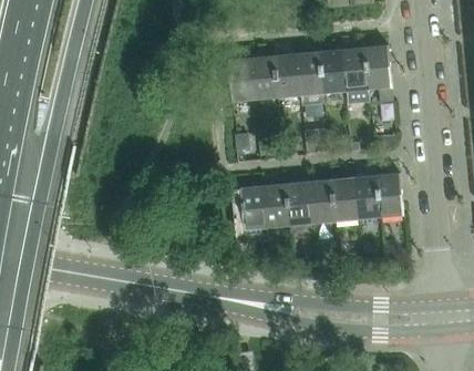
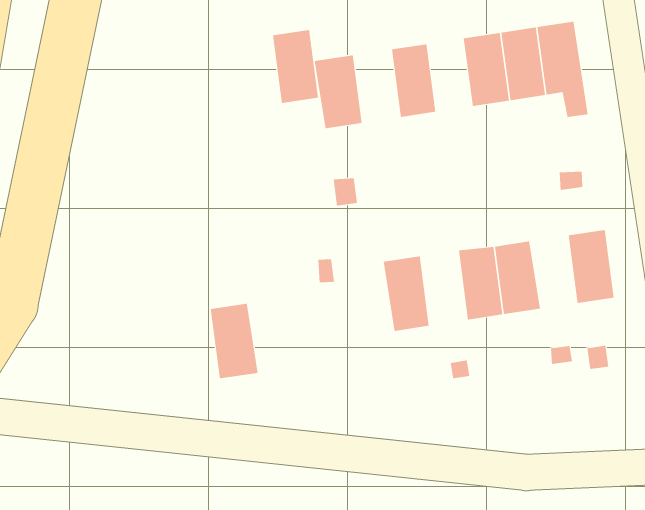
building: [297,51,322,95] -> none
building: [251,55,278,100] -> [272,30,319,103]
building: [353,175,380,219] -> none
building: [286,181,313,235] -> none
building: [239,185,267,230] -> [210,303,259,379]

